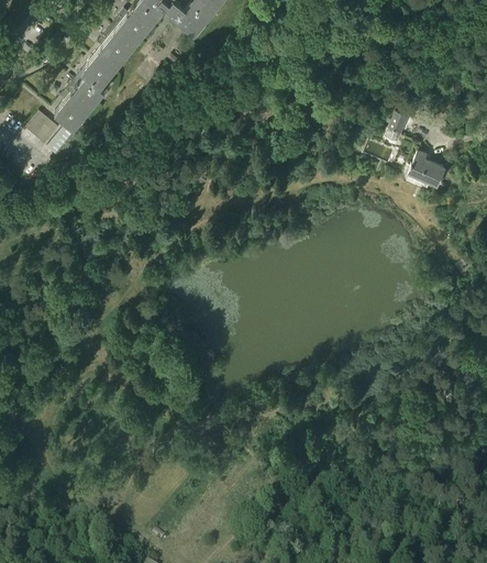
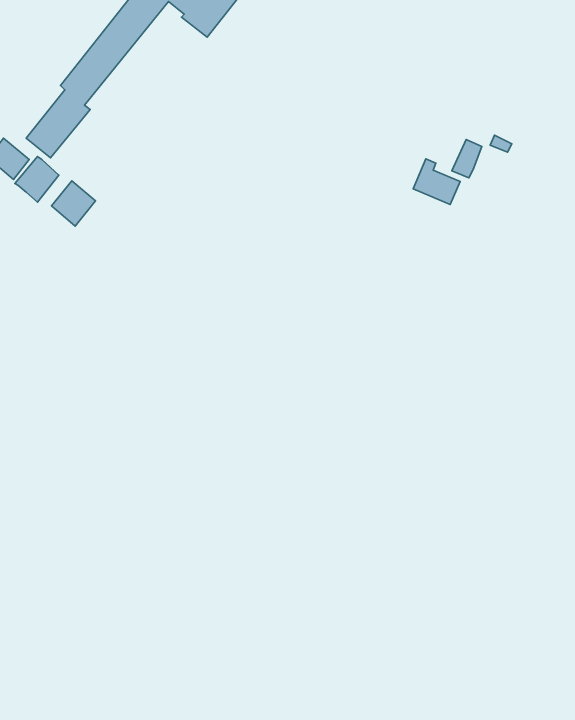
building: none -> [51,181,95,226]
building: [410,151,446,186] -> [413,159,460,204]

